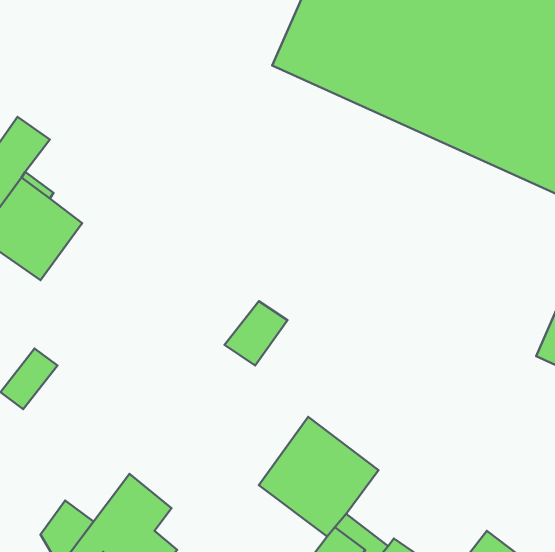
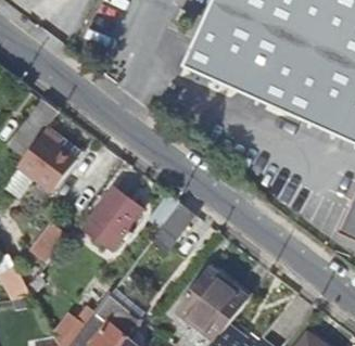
building: none -> [86,188,143,249]

